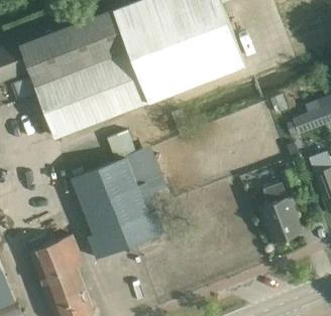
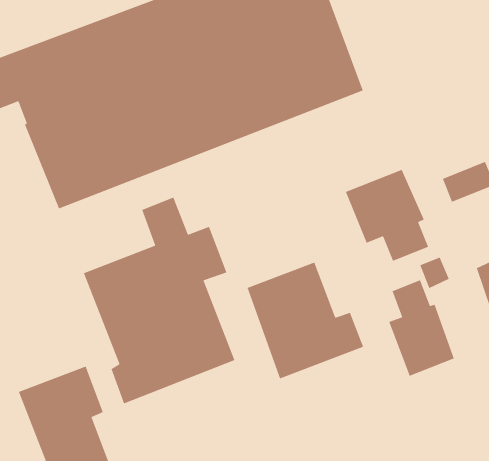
building: none -> [345,169,429,262]
building: none -> [246,262,364,379]

